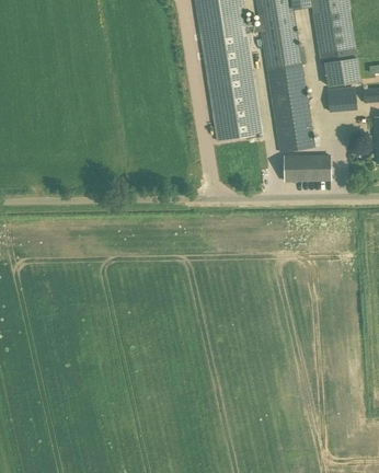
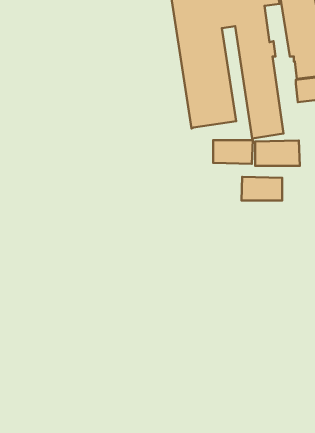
building: none -> [213,140,253,164]
building: none -> [241,177,282,200]

